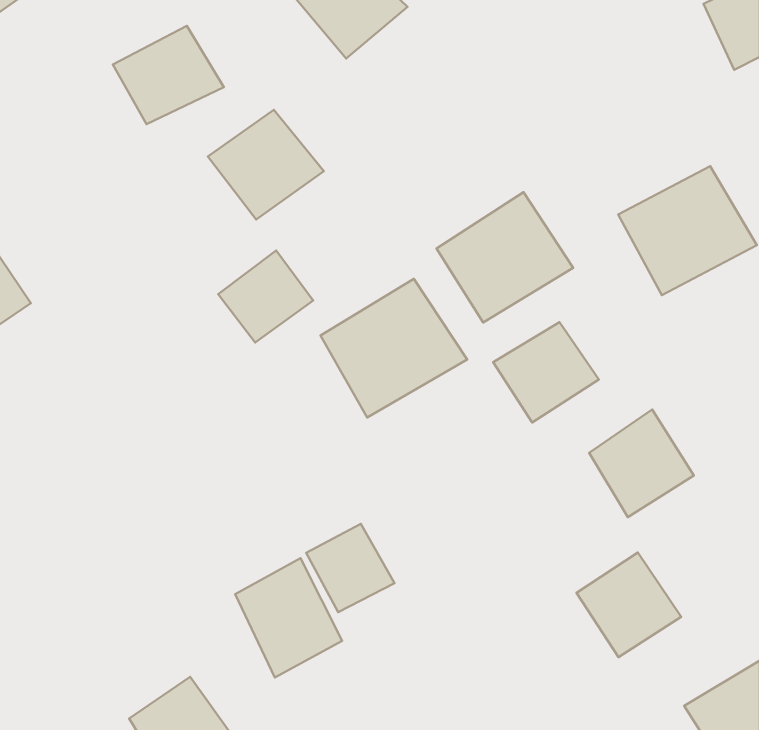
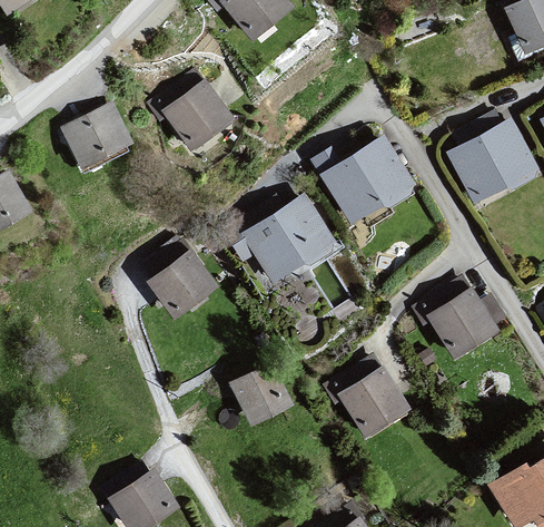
building: [113,26,224,124] -> [61,99,138,167]
building: [218,251,313,342] -> [150,248,216,312]
building: [493,322,599,423] -> none
building: [577,552,681,657] -> [335,364,407,437]
building: [235,558,342,677] -> none

